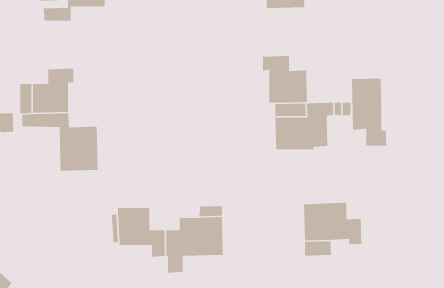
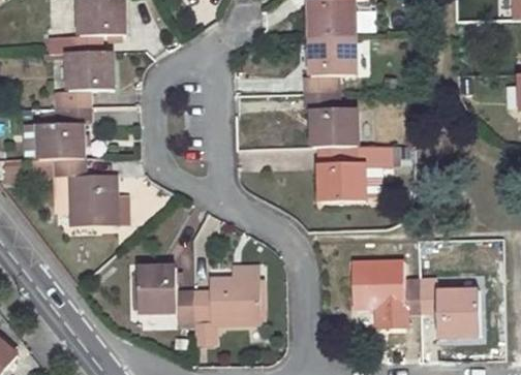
building: none -> [305,36,356,92]
building: none -> [56,51,112,106]
building: [351,78,387,146] -> none
building: none -> [420,279,479,335]

